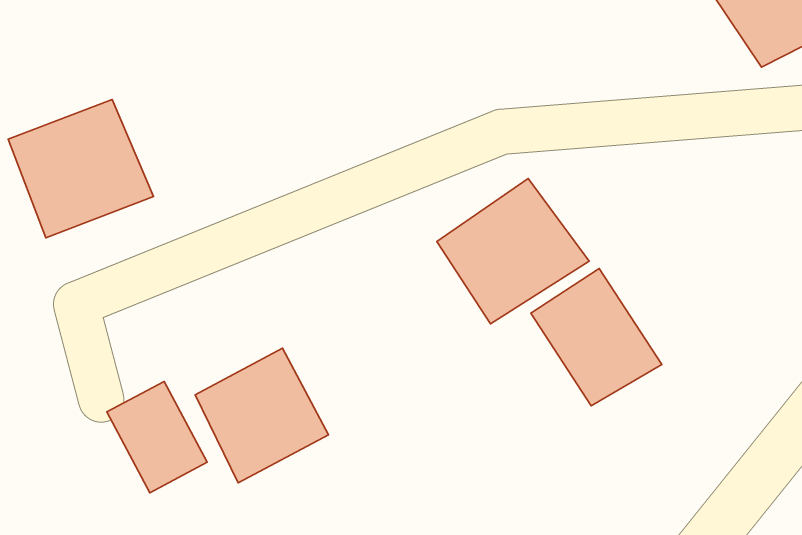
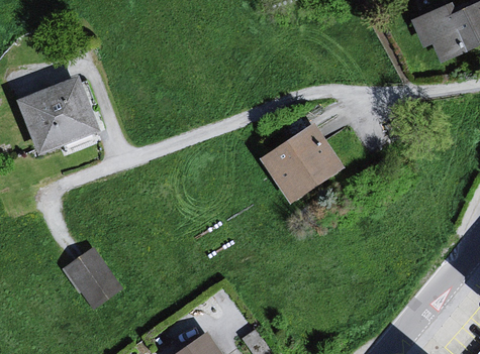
building: [531,268,662,406] -> none
building: [195,348,329,483] -> none

